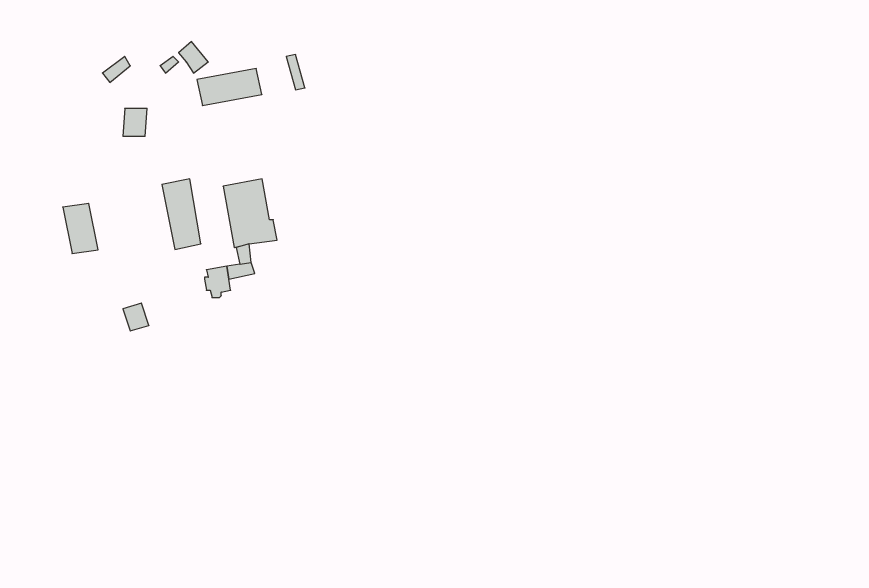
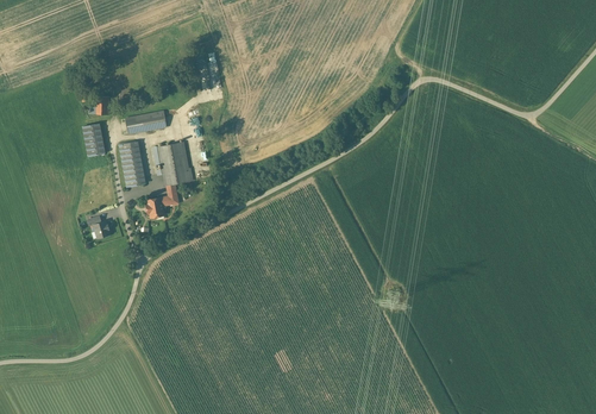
building: [197,69,262,106] -> [125,111,167,134]
building: [63,203,98,254] -> [82,124,105,156]

